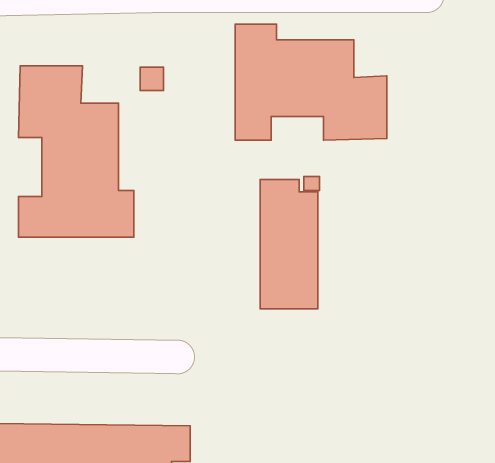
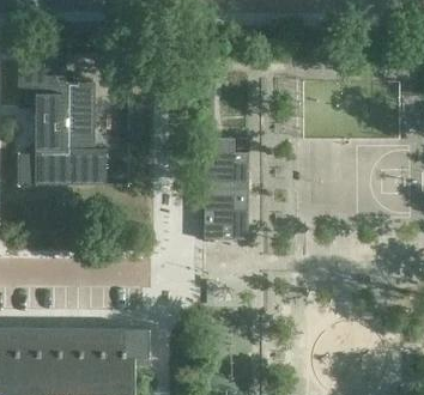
building: [235,24,387,140] -> none

